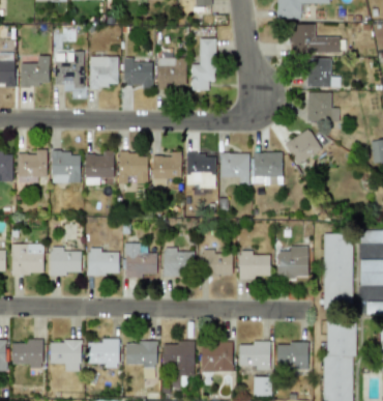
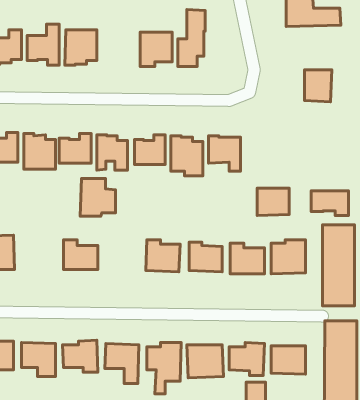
building: [124,57,153,88] -> none
building: [305,58,330,87] -> none
building: [284,128,321,165] -> none
building: [253,152,282,177] -> [257,188,289,216]
building: none -> [311,191,348,215]
building: [124,242,156,277] -> [80,179,116,216]
building: [50,246,81,276] -> none

